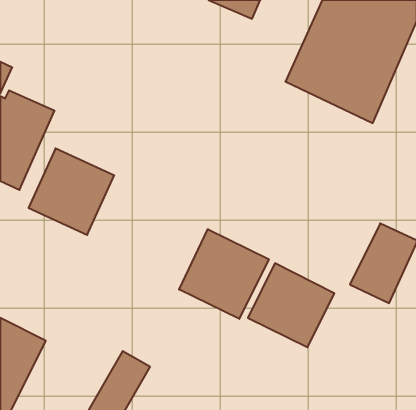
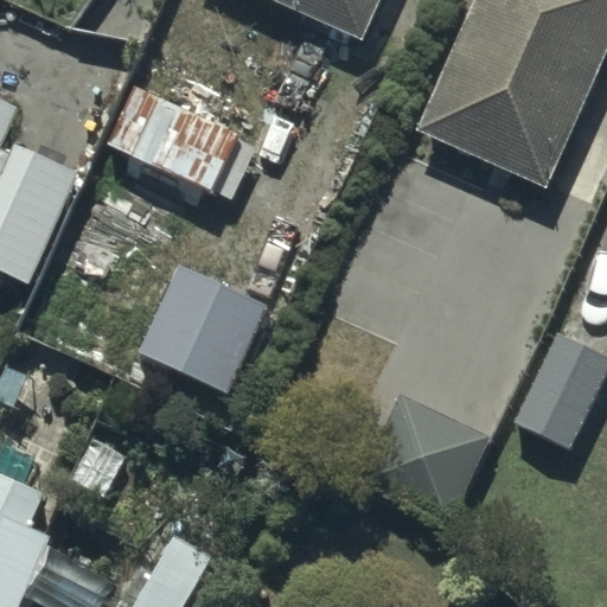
building: none -> [98,83,239,194]
building: [29,148,114,235] -> [142,267,267,392]
building: [179,229,269,319] -> none

